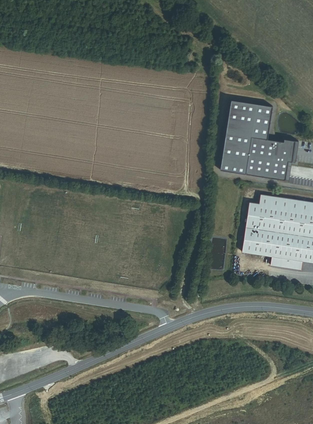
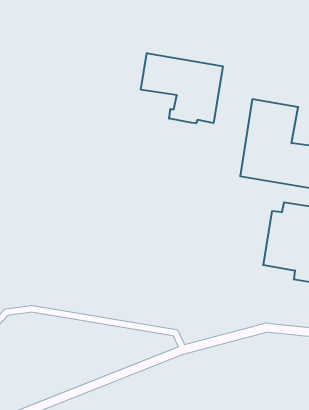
building: none -> [141,53,223,123]

